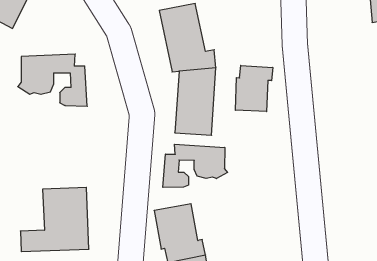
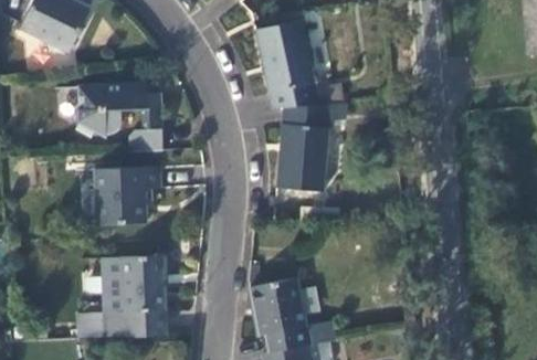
building: [235,65,273,112] -> none
building: none -> [95,167,160,225]
building: [163,144,228,187] -> none

